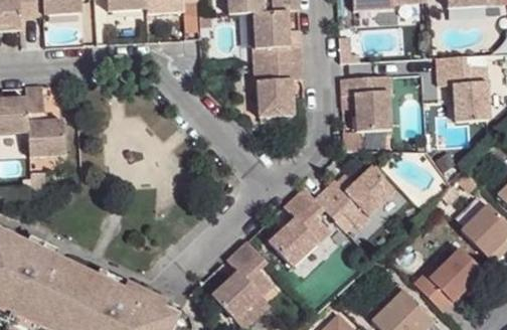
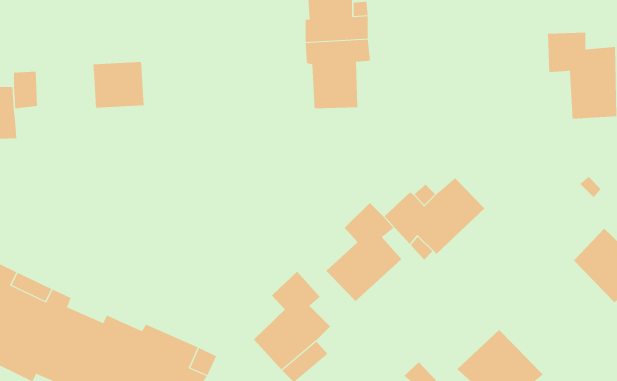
building: [341,75,394,130] -> none
building: [28,123,68,159] -> [93,61,144,108]
building: [417,251,487,313] -> none

